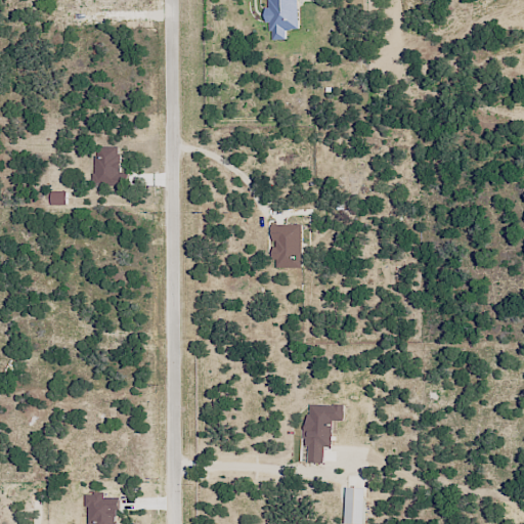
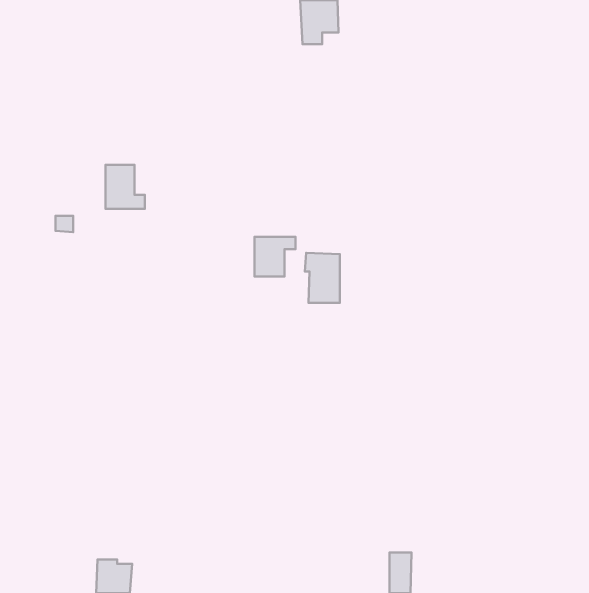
building: none -> [254,237,296,276]
building: [304,403,343,463] -> none

